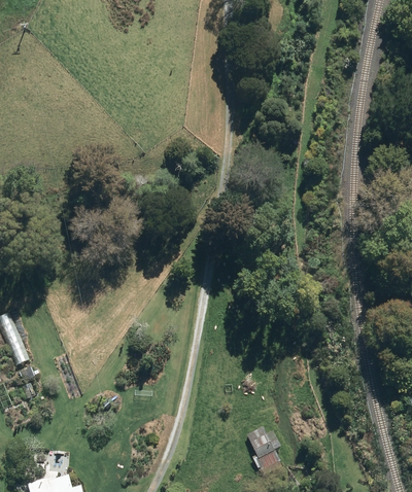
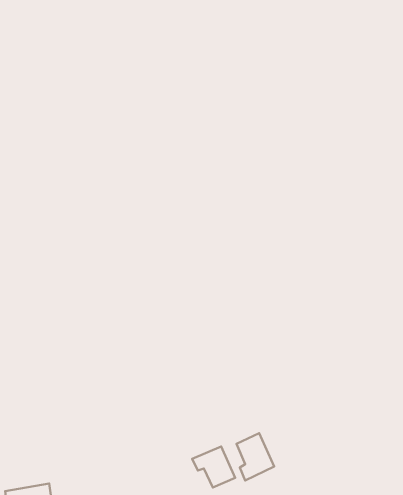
building: none -> [192,446,235,487]

